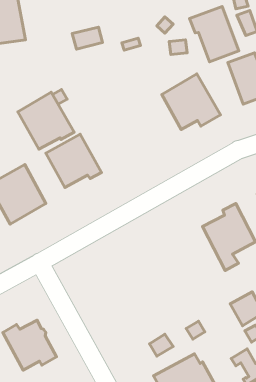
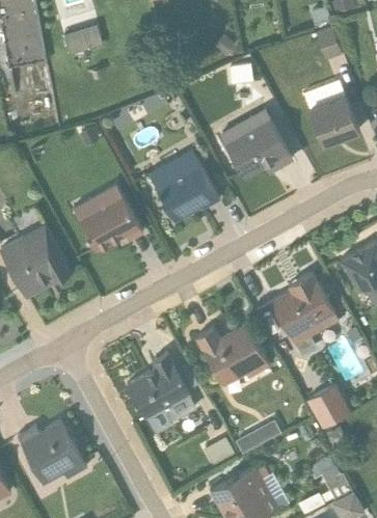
building: [189,7,239,62] -> none
building: [72,27,102,49] -> [66,22,105,50]
building: [18,92,74,149] -> [147,148,219,221]
building: none -> [194,323,268,385]
building: none -> [126,353,197,433]

